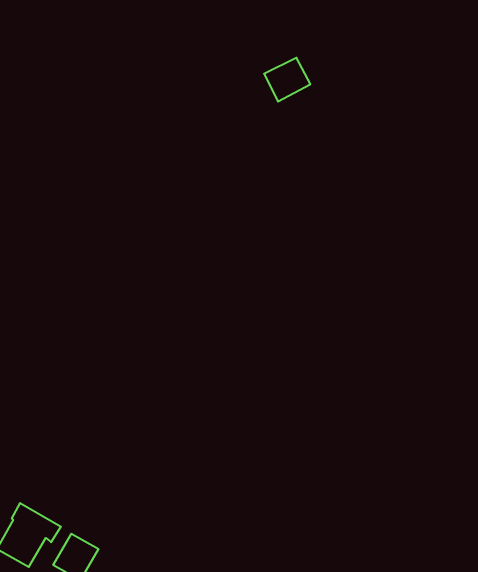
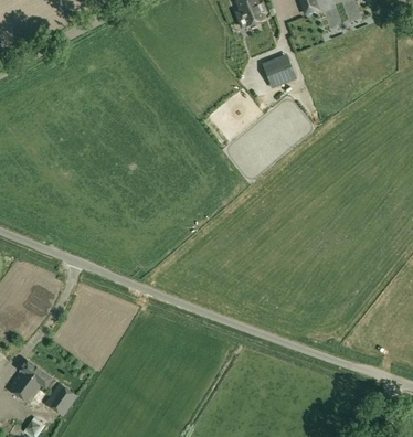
building: [264,58,310,102] -> [263,56,294,85]

